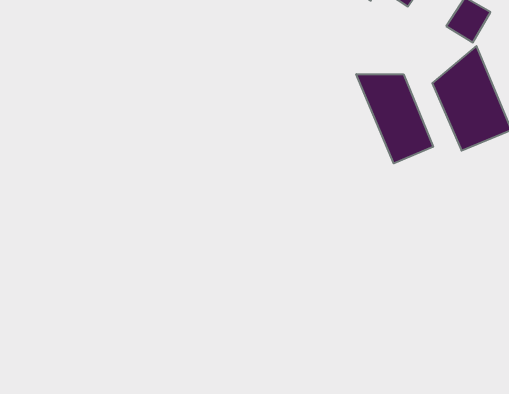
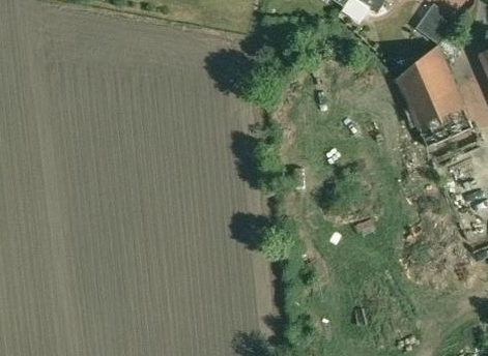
building: [356,74,433,163] -> none

